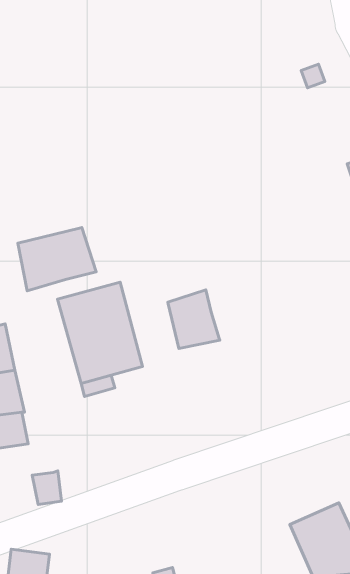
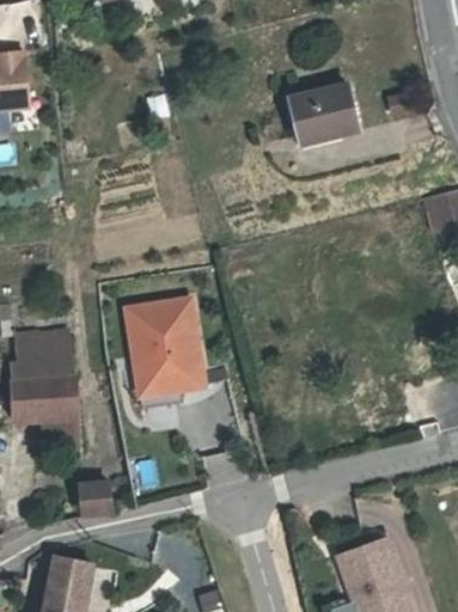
building: none -> [292,85,355,142]
building: [18,227,96,291] -> none
building: [168,290,220,348] -> none

